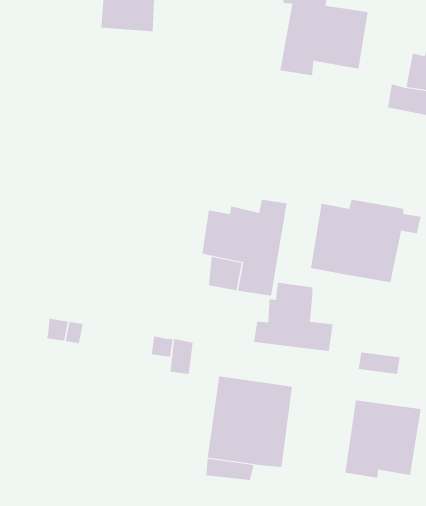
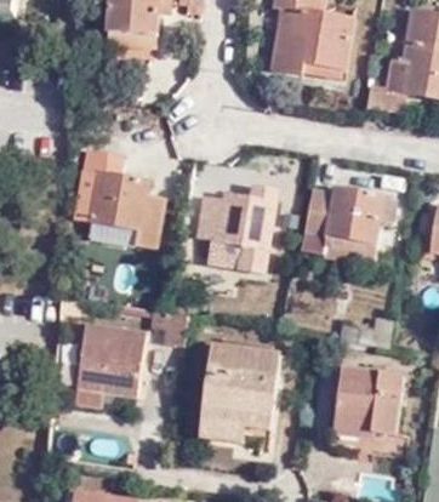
building: none -> [81,149,163,252]
building: [254,282,333,352] -> none
building: none -> [78,325,144,395]

